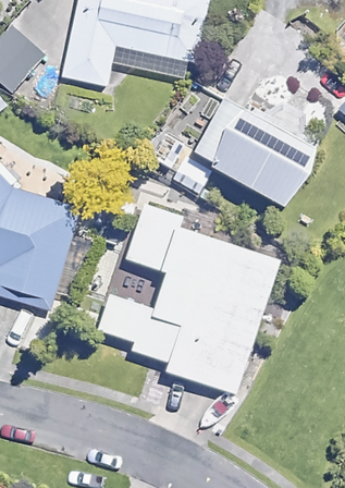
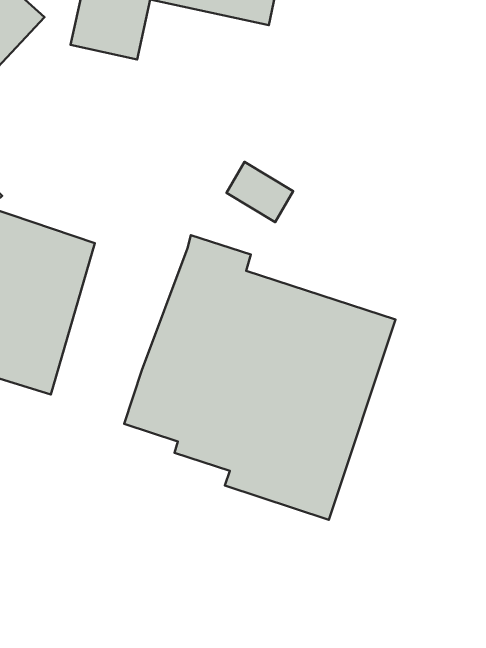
building: [207,107,317,207] -> none

